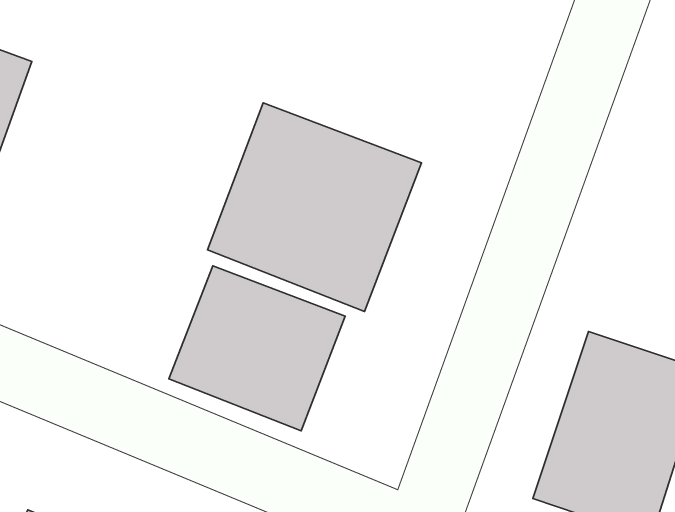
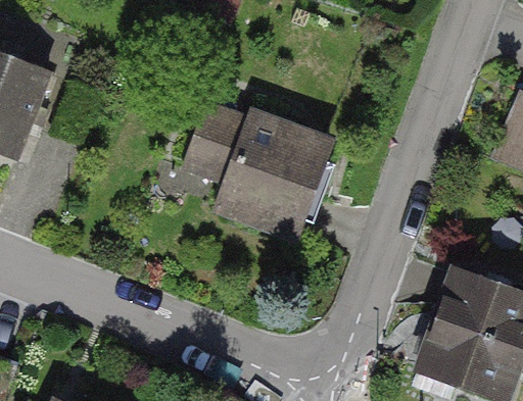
building: [169,266,345,431] -> none

